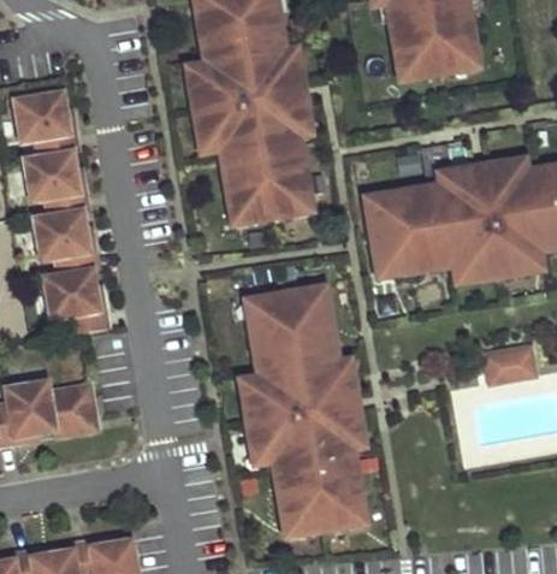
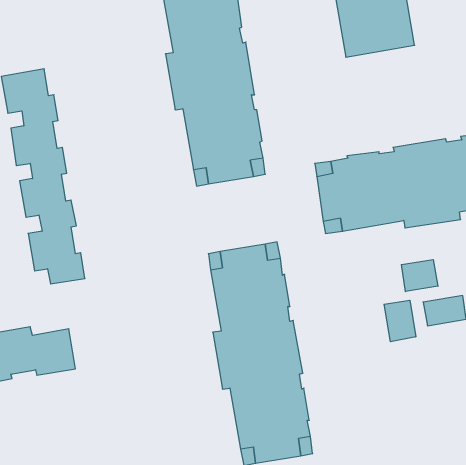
building: none -> [401,260,438,292]
building: none -> [384,300,416,342]

